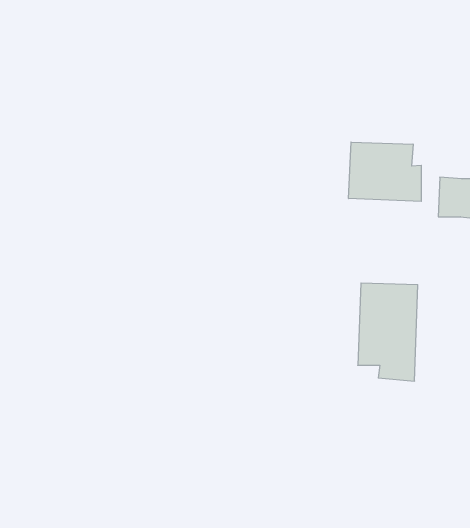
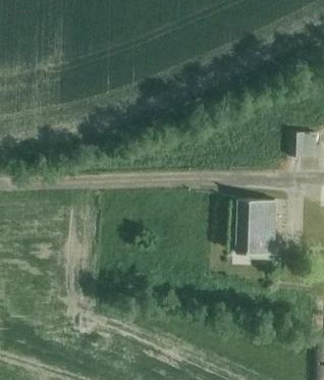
building: [349,142,421,201] -> none

